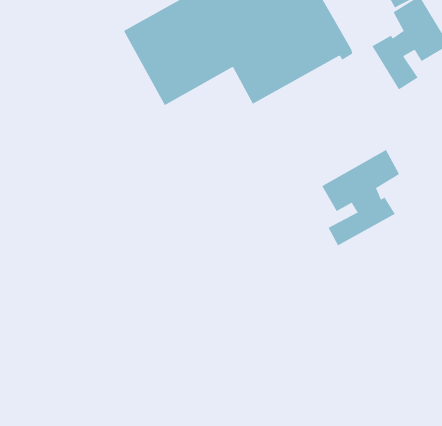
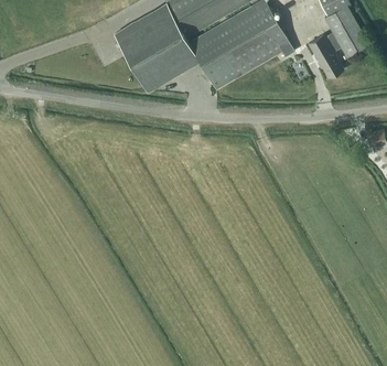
building: [322,149,400,246] -> none

